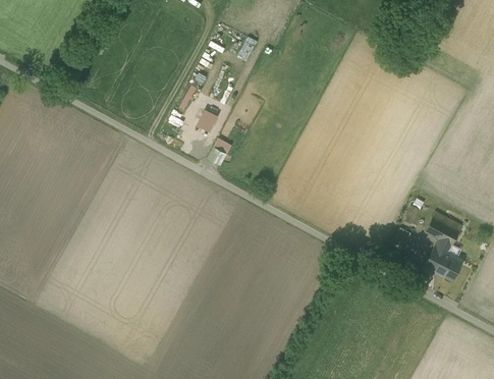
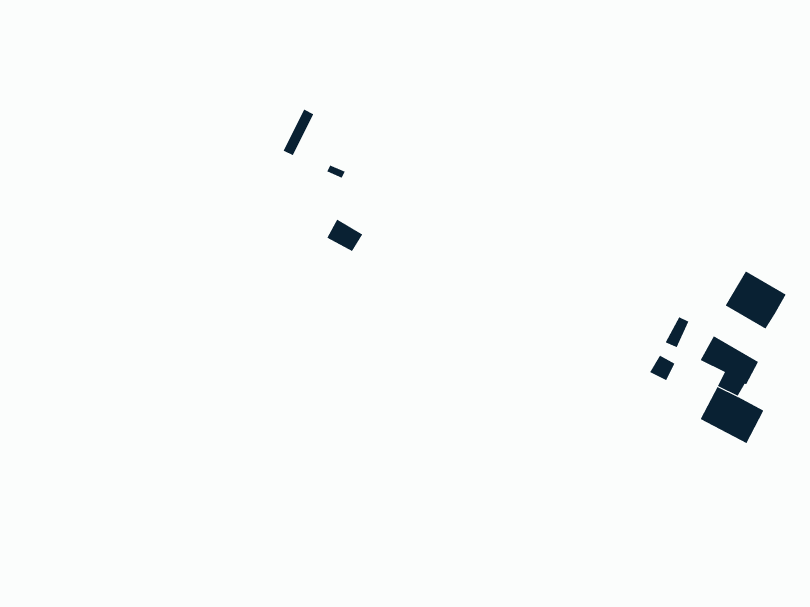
building: none -> [725,271,787,329]

